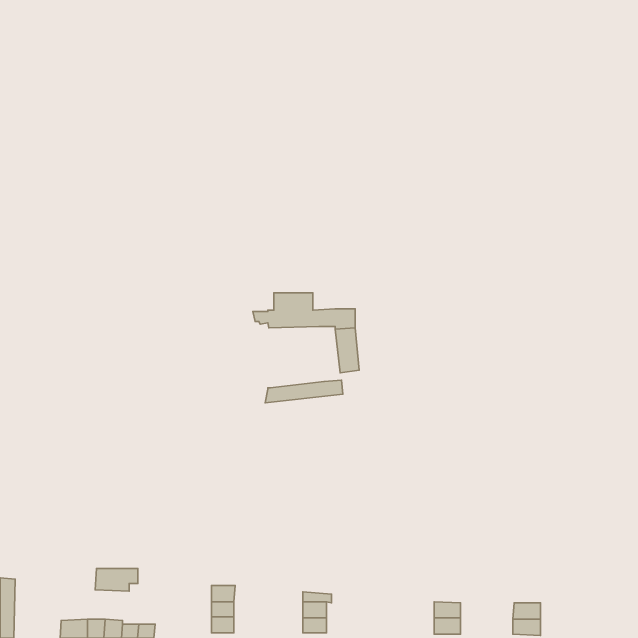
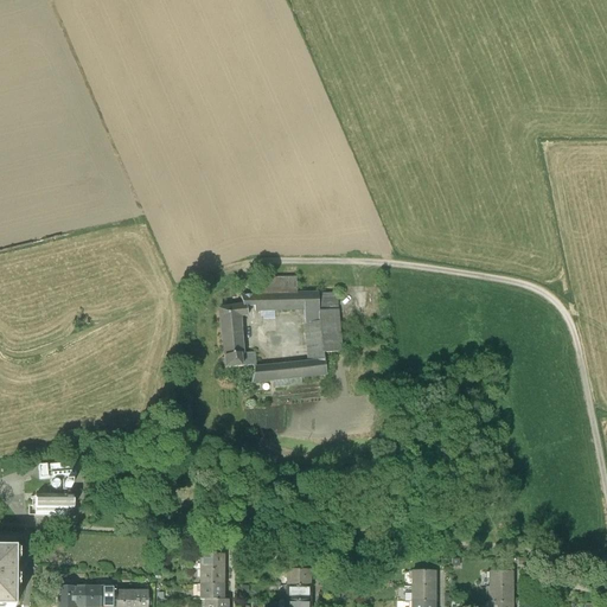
building: none -> [221,305,257,369]
building: none -> [304,309,325,362]
building: [95,569,138,591] -> [34,494,75,516]

